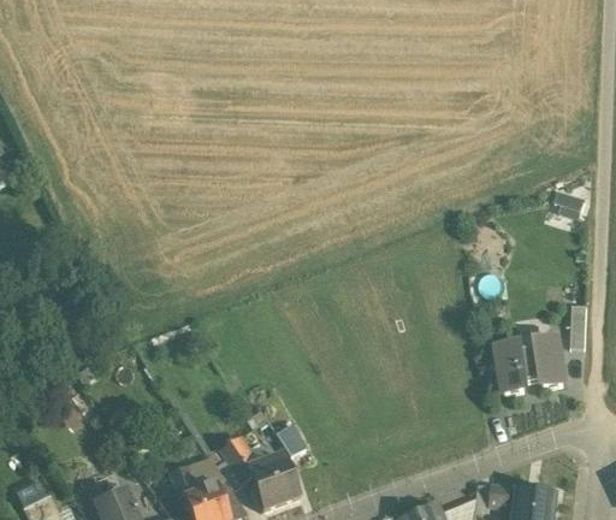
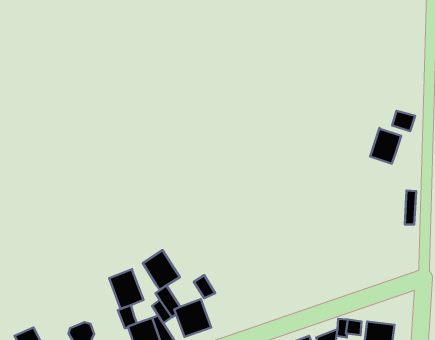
building: none -> [370,128,401,163]
building: [497,337,565,394] -> none
building: none -> [143,250,180,289]
building: none -> [109,269,143,309]

